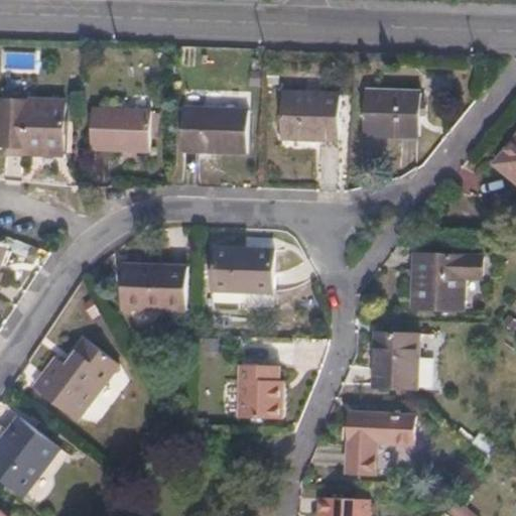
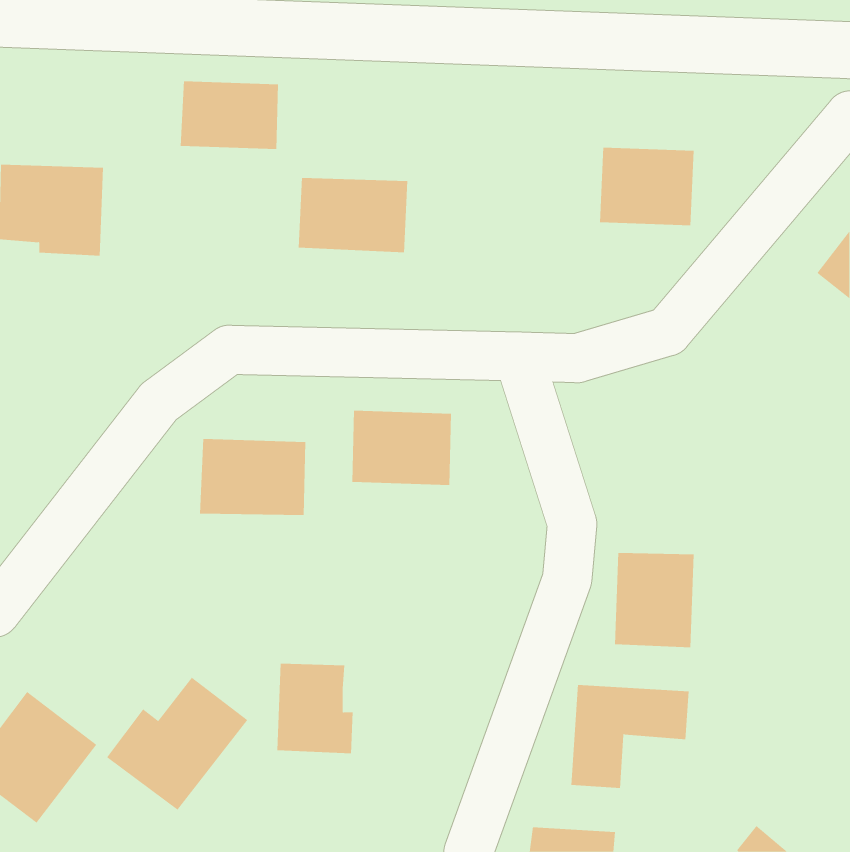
building: [278,90,339,140] -> none
building: [89,109,148,150] -> [180,81,279,149]
building: [410,254,482,309] -> none
building: [32,339,118,419] -> [106,677,248,811]
building: [236,360,282,414] -> [276,663,353,754]

